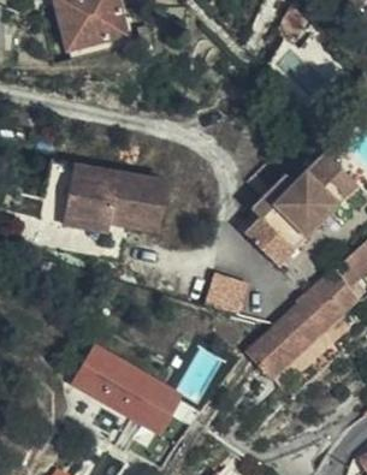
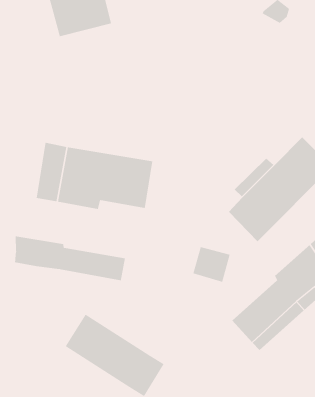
building: none -> [14,236,125,281]

